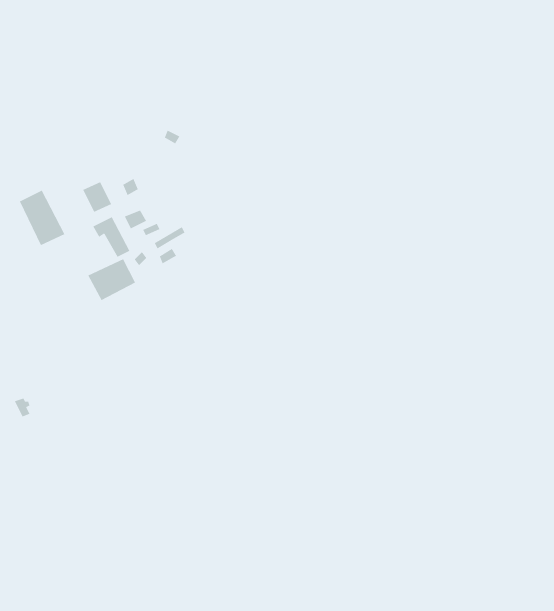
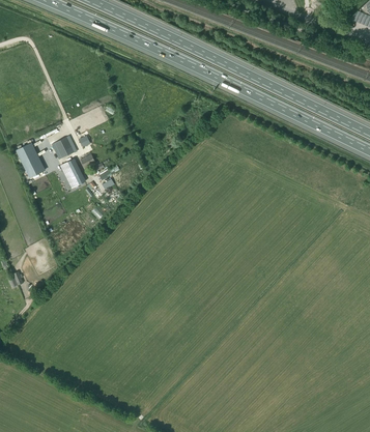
building: [87,258,136,301] -> none

